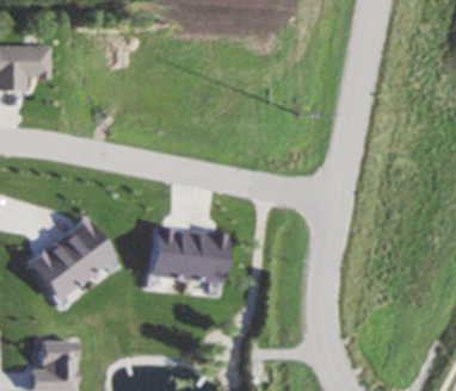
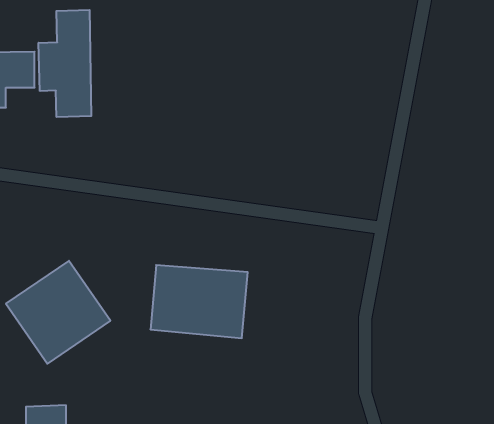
building: none -> [39,10,91,117]

